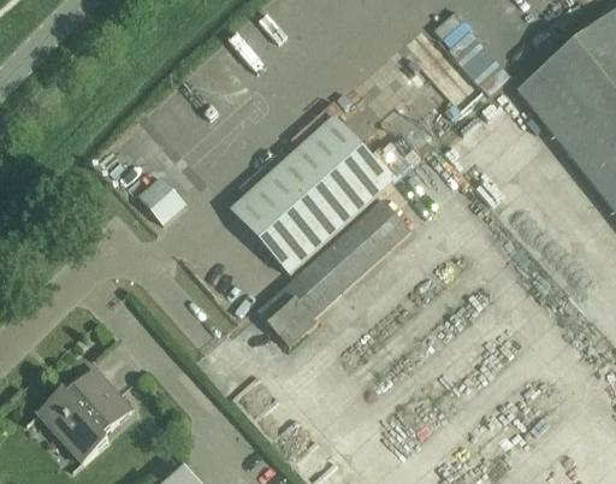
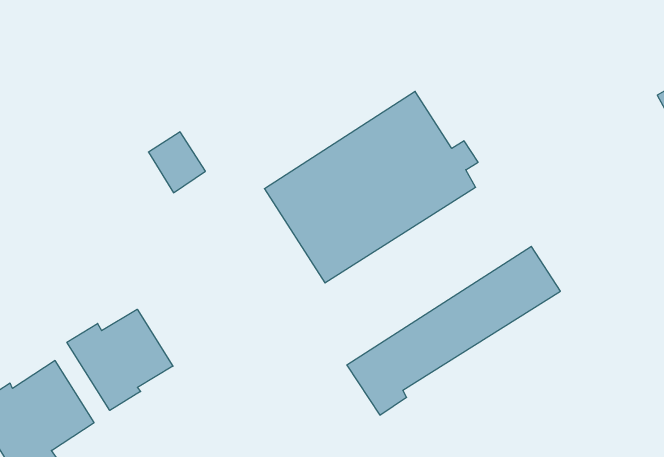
building: [259,197,411,344] -> [347,246,560,415]
building: none -> [67,309,173,410]

